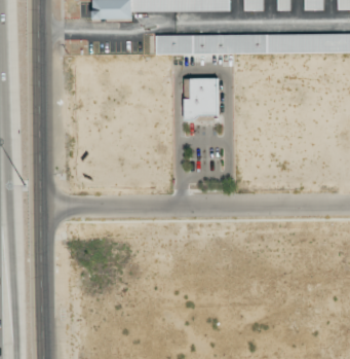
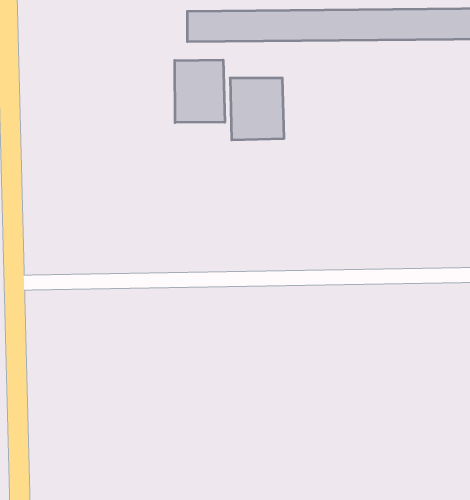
building: none -> [175,60,225,123]

